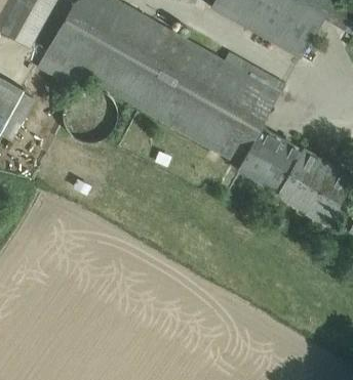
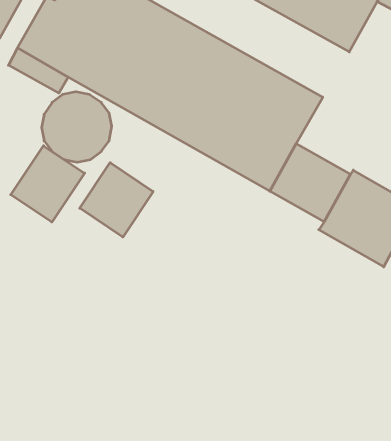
building: none -> [11,146,85,222]
building: none -> [80,163,153,237]

